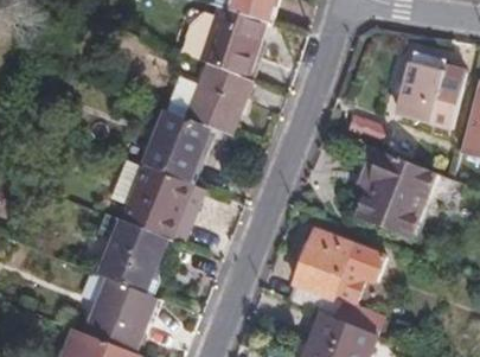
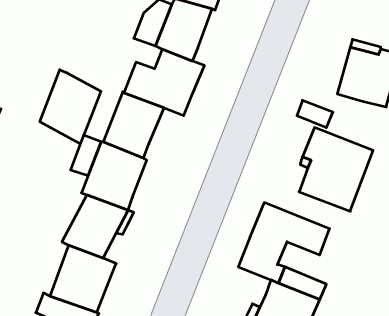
building: none -> [40,70,101,144]

